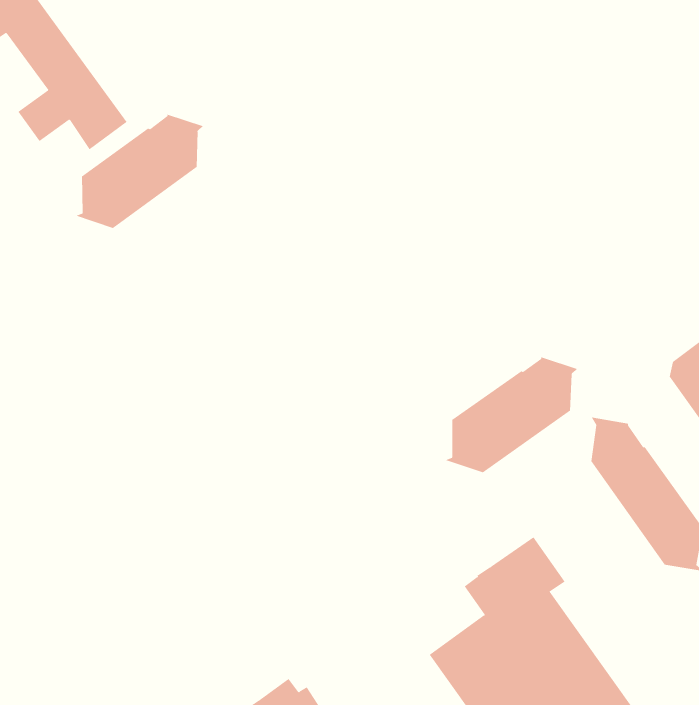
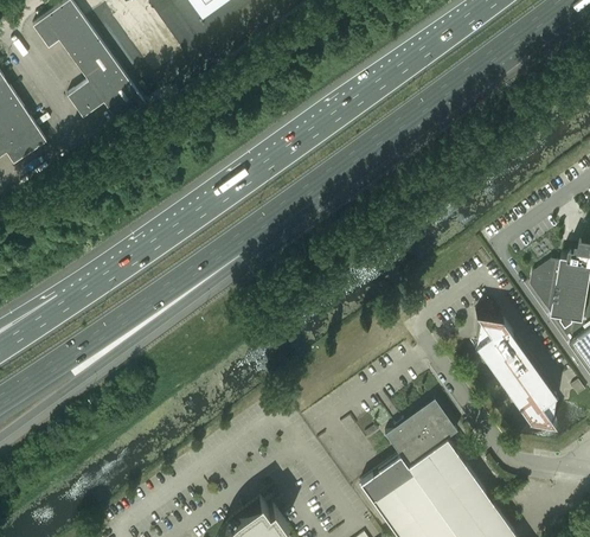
building: [75,114,204,229] -> none
building: [444,357,578,473] -> none

